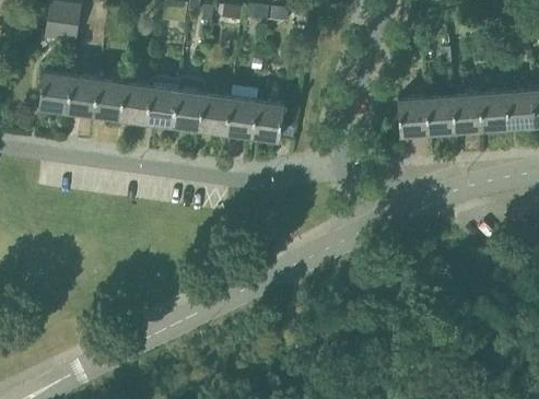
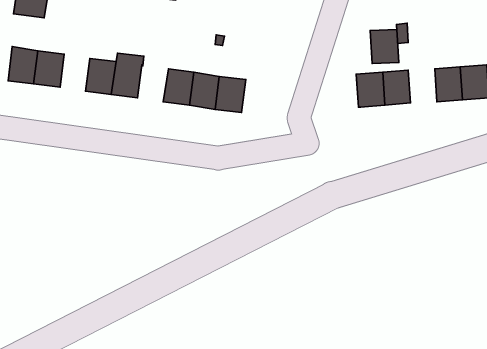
building: [93,80,124,118] -> none
building: [173,91,204,129] -> none
building: [452,95,481,130] -> [370,30,399,64]

